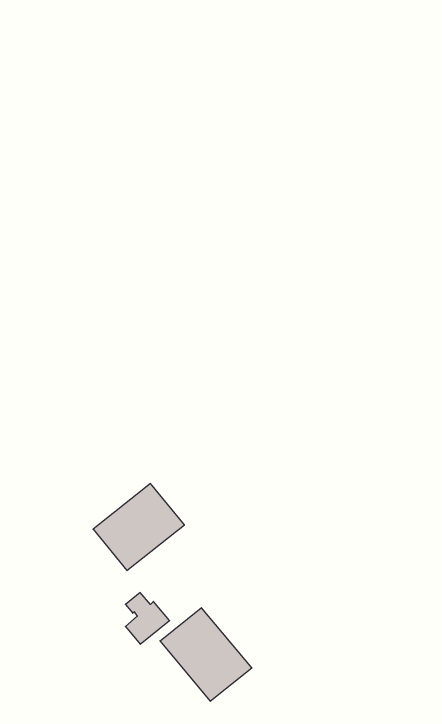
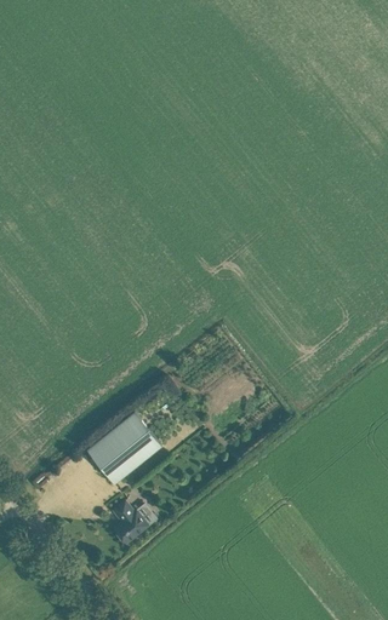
building: [160,608,252,701] -> none

